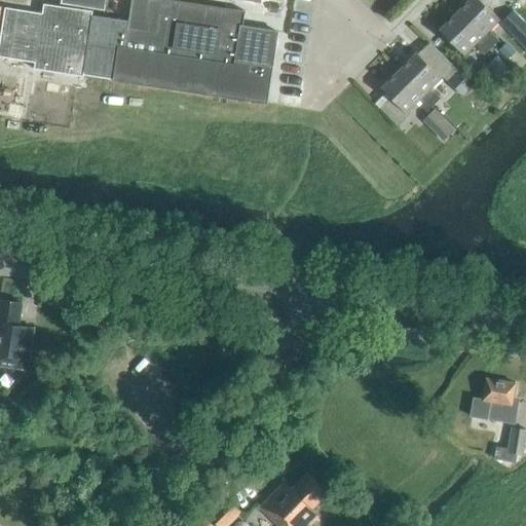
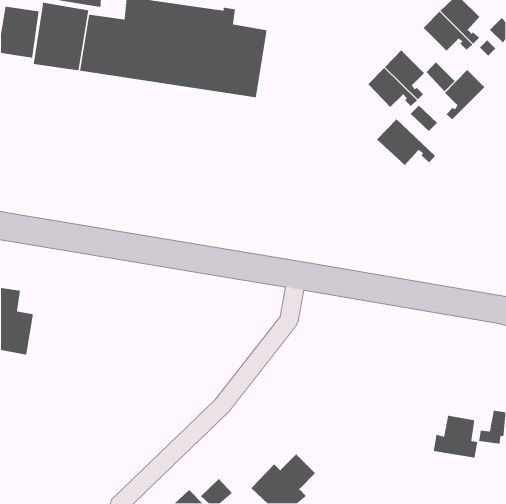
building: none -> [444,69,485,120]
building: none -> [376,118,436,166]
building: [471,377,518,422] -> [433,415,478,458]

